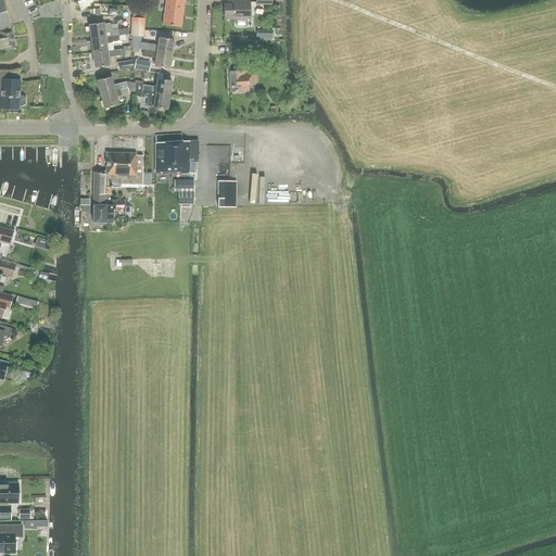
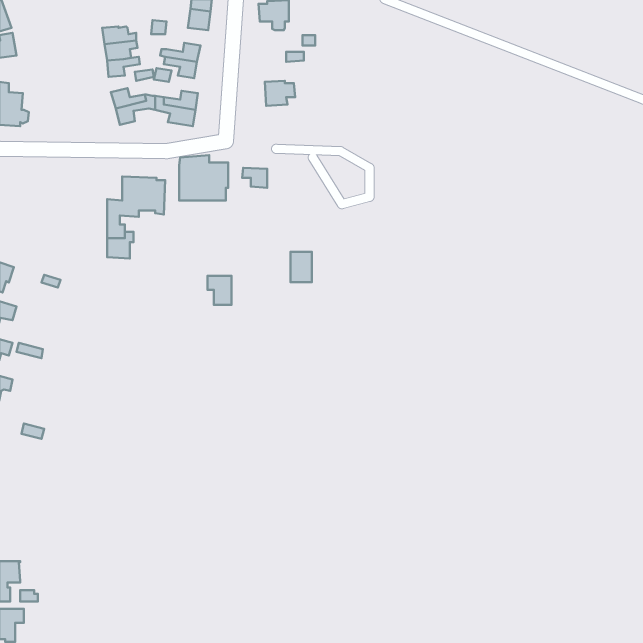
building: [173,179,193,204] -> [207,276,231,305]
building: [217,180,236,206] -> [290,252,312,282]

